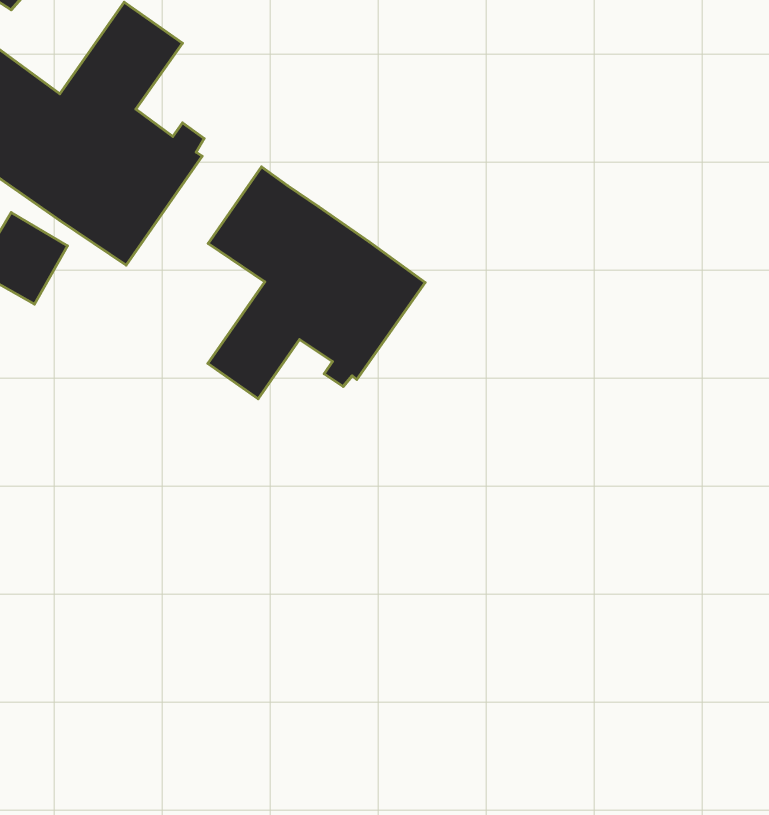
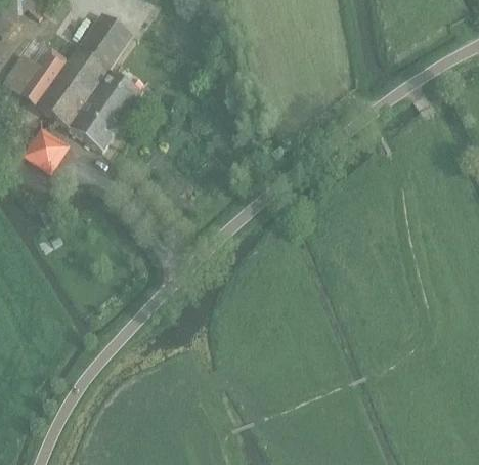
building: [208,167,425,399] -> none

